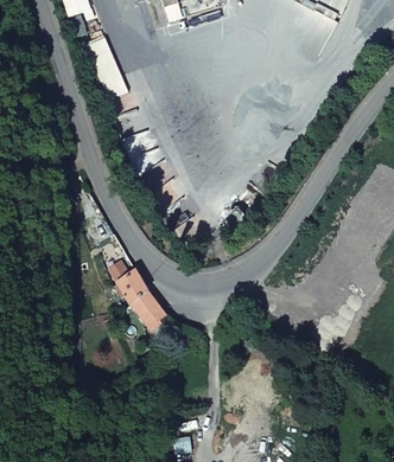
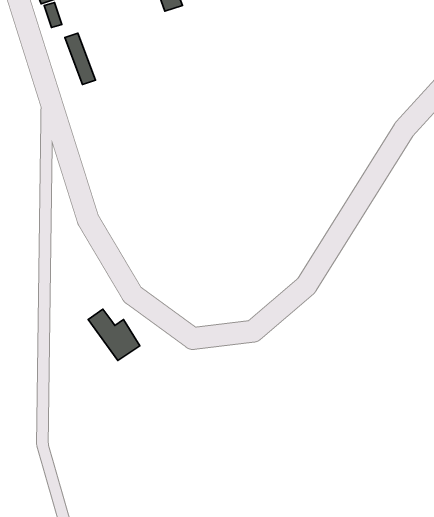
building: [131,290,165,326] -> none

